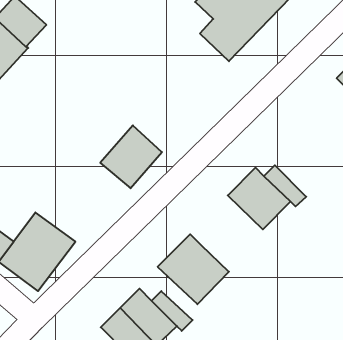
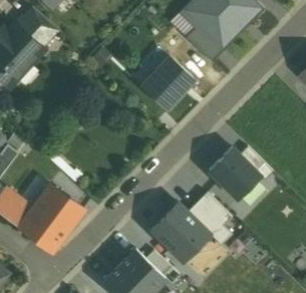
building: [100,125,162,188] -> [142,56,194,108]
building: none -> [187,193,233,246]

